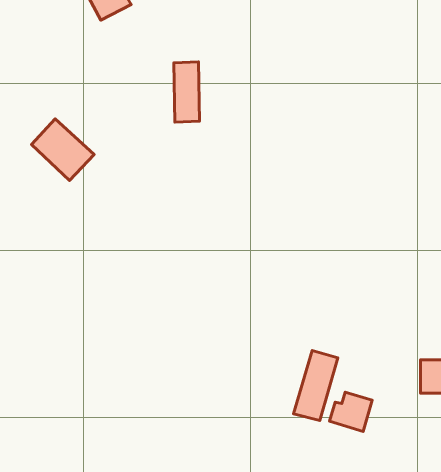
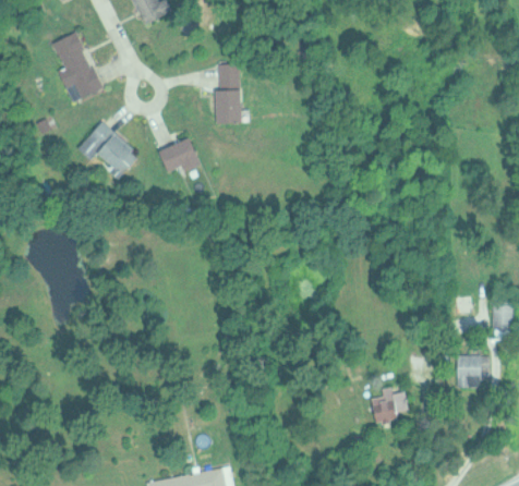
building: none -> [52,32,101,102]
building: none -> [159,136,203,178]
building: [294,350,338,420] -> none

